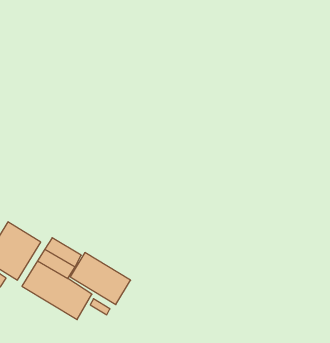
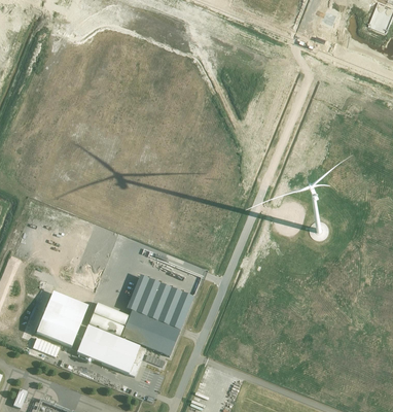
building: none -> [126,273,194,329]

